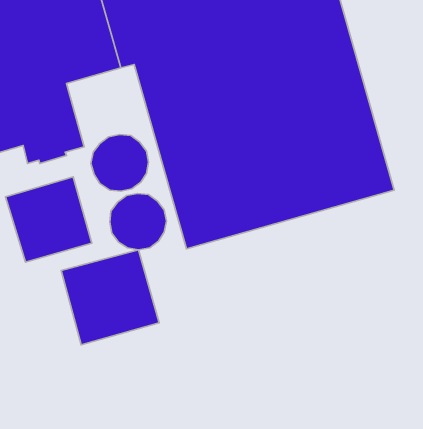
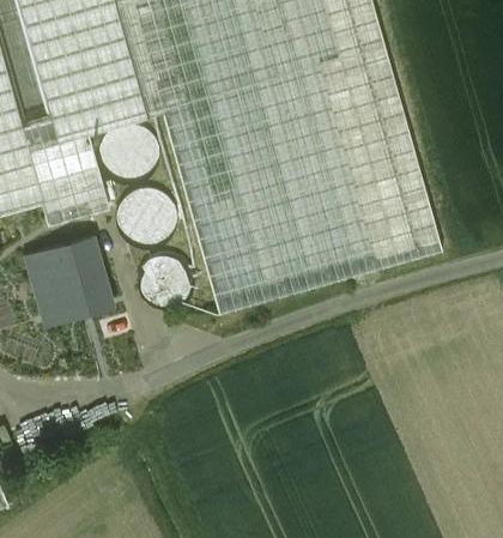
building: none -> [98,122,159,185]
building: [61,250,159,345] -> none

